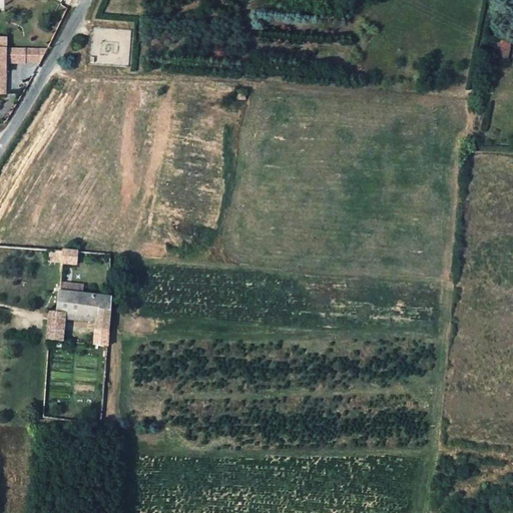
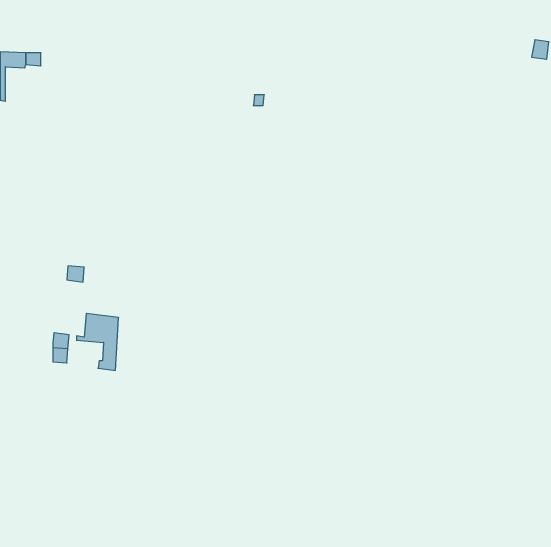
building: [57,289,80,314] -> none

